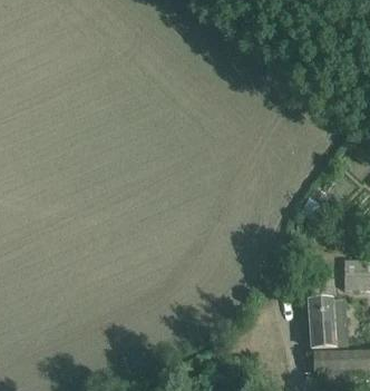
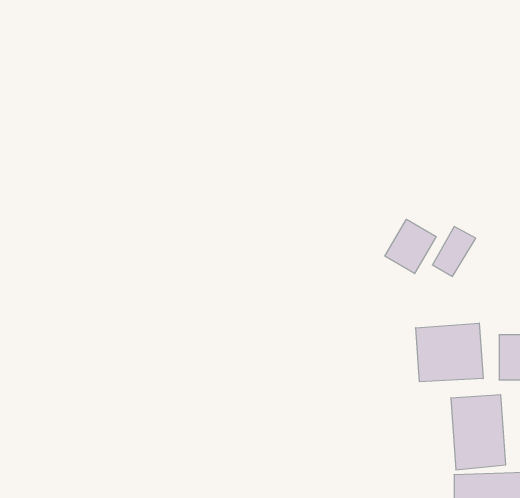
building: none -> [385,219,436,274]
building: none -> [416,323,483,382]

